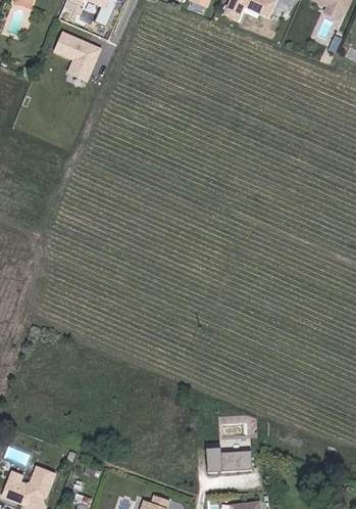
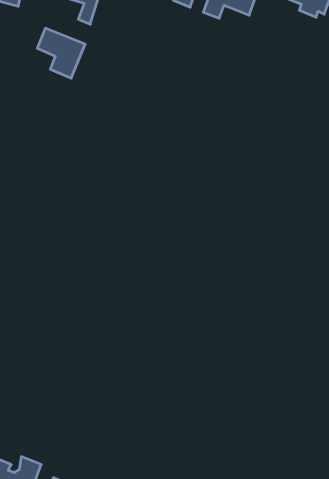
building: [205,446,250,470] -> none

